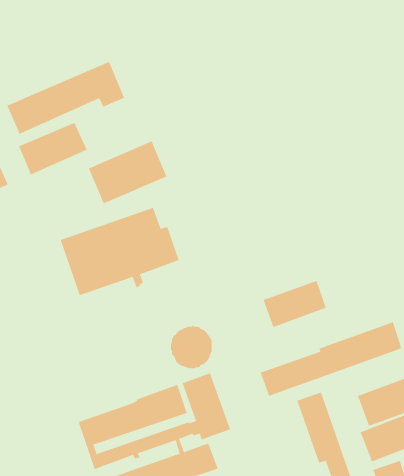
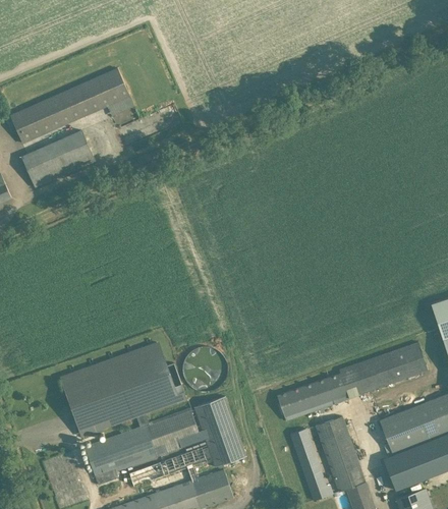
building: [88,140,167,204] -> none
building: [60,207,179,296] -> [60,342,186,436]
building: [263,280,327,328] -> none
building: none -> [290,428,334,500]

